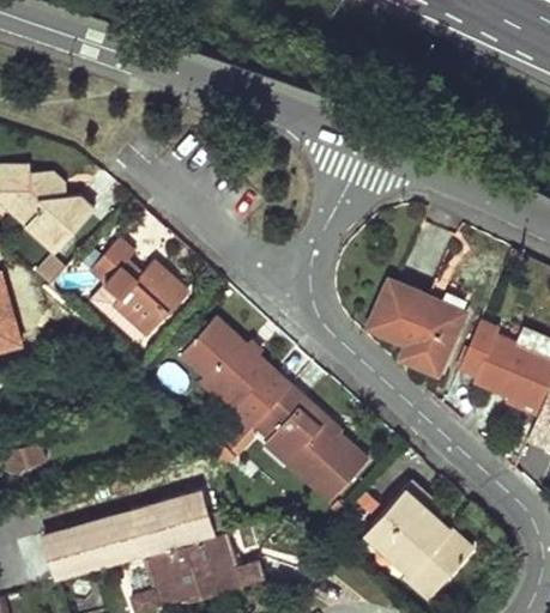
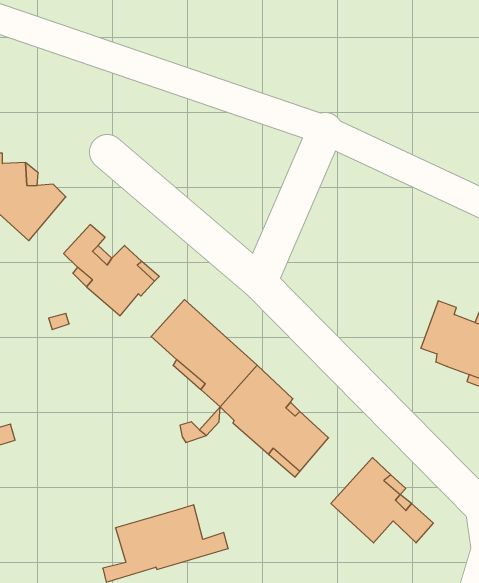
building: [369,279,464,371] -> none
building: [40,491,210,582] -> none
building: [407,547,457,599] -> none

